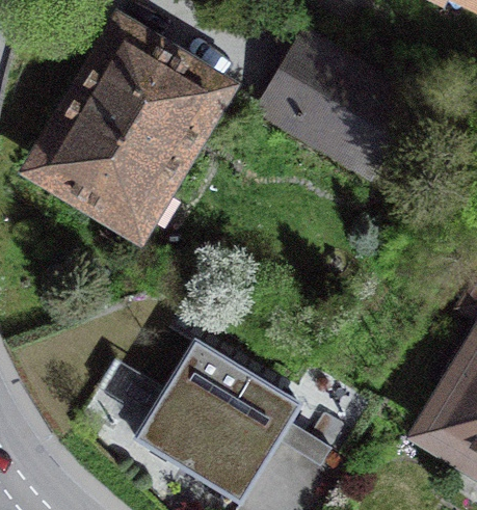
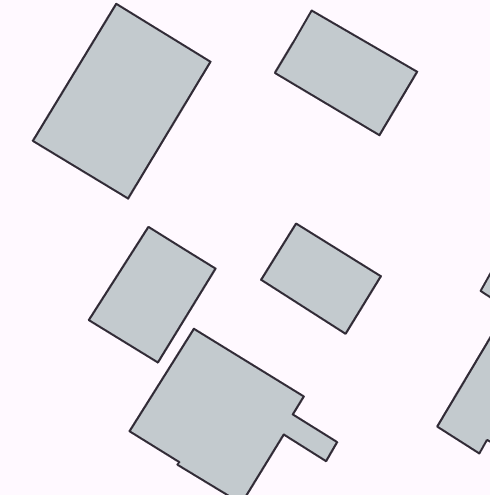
building: none -> [261,224,381,334]
building: none -> [89,227,216,363]

